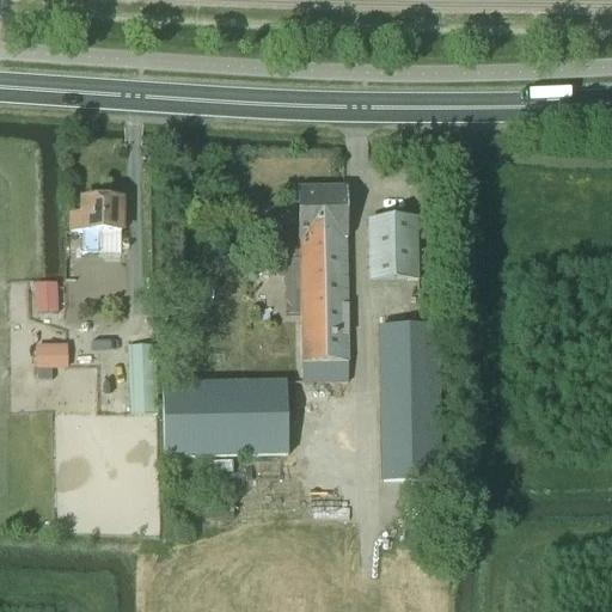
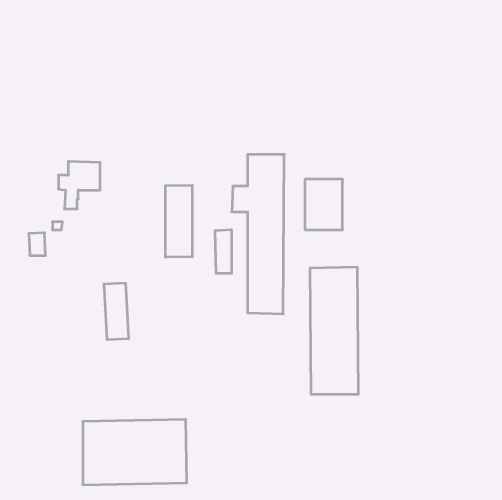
building: none -> [166,185,192,257]
building: [37,342,69,365] -> none
building: [165,377,290,455] -> [83,419,187,485]

